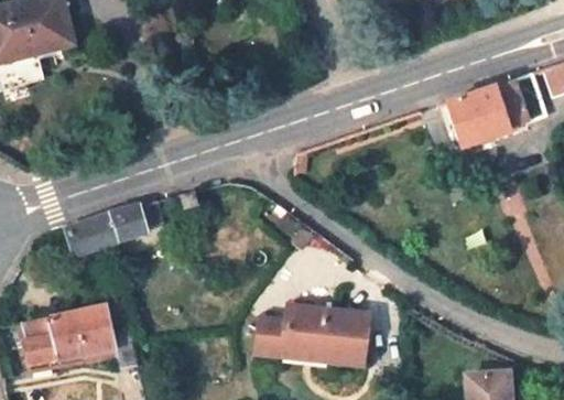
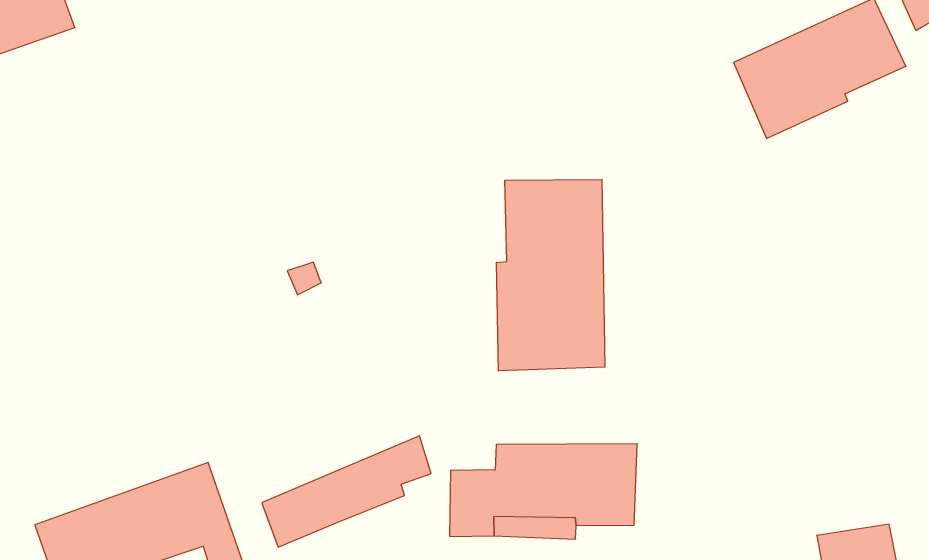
building: none -> [497,179,605,371]
building: [68,199,166,255] -> [262,436,431,547]

